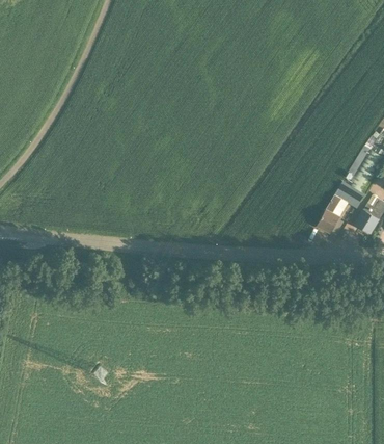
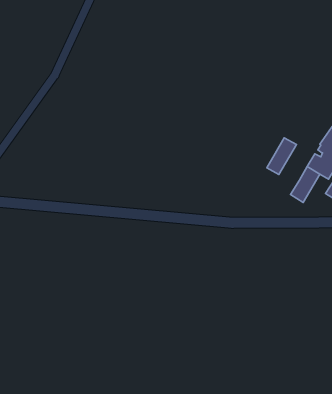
building: none -> [267,138,297,175]

